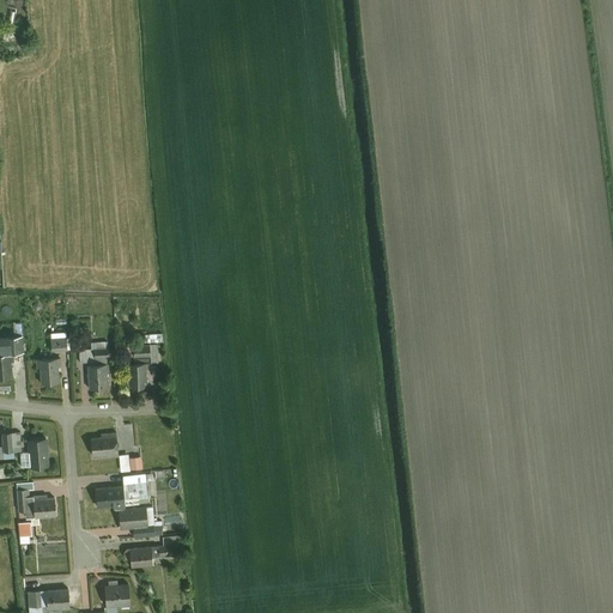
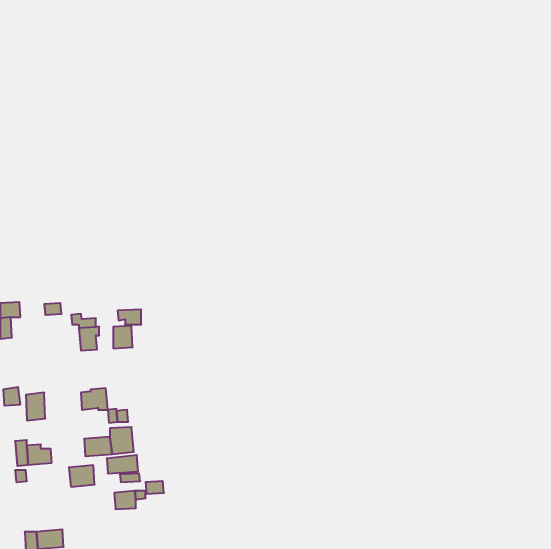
building: [36,359,61,384] -> none
building: [103,583,132,607] -> [69,465,95,487]

